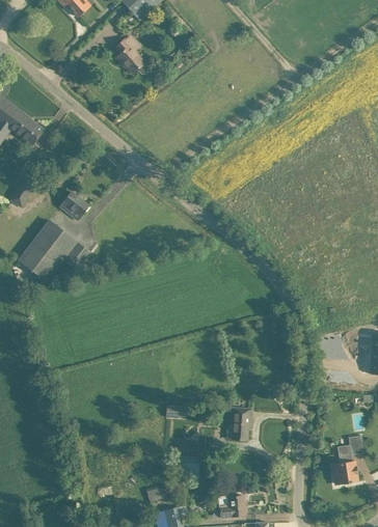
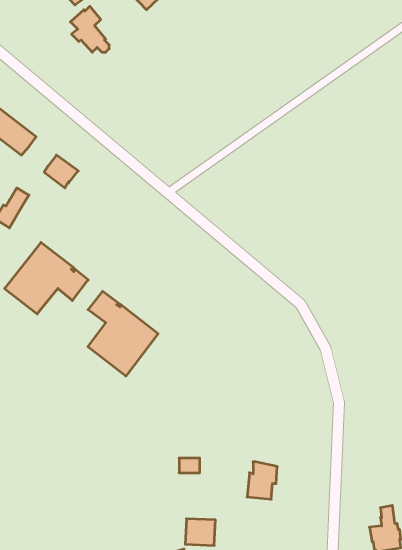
building: [114,33,147,73] -> [70,6,109,52]
building: [60,191,89,219] -> [44,155,78,188]
building: none -> [88,291,158,376]

